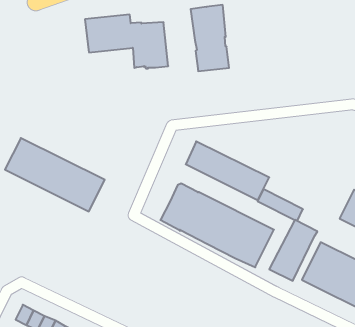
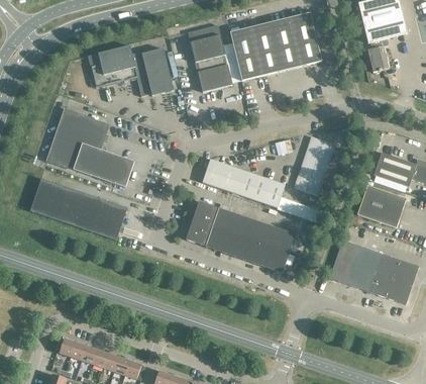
building: none -> [230,12,321,80]
building: none -> [47,109,134,187]
building: [269,220,317,281] -> [294,136,335,195]

